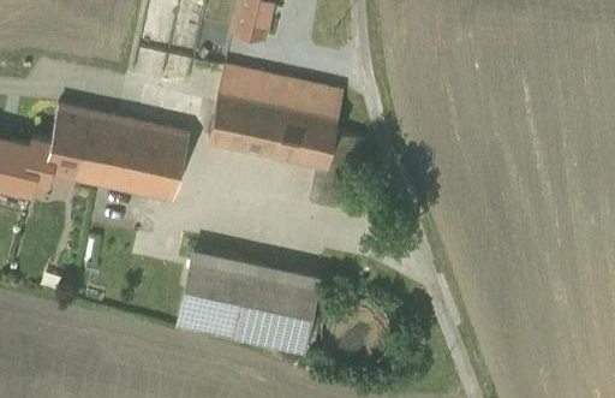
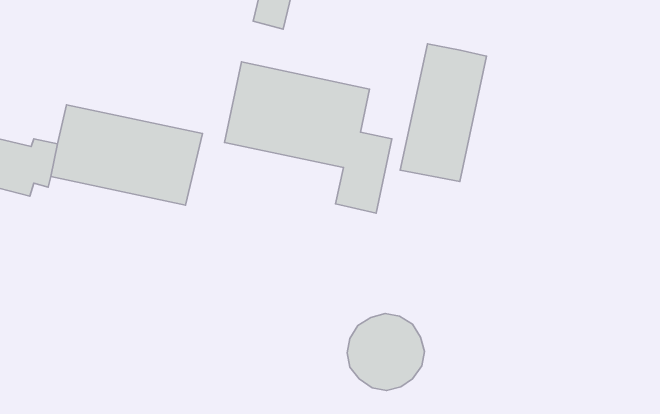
building: none -> [400,44,487,181]
building: [179,251,318,350] -> none

